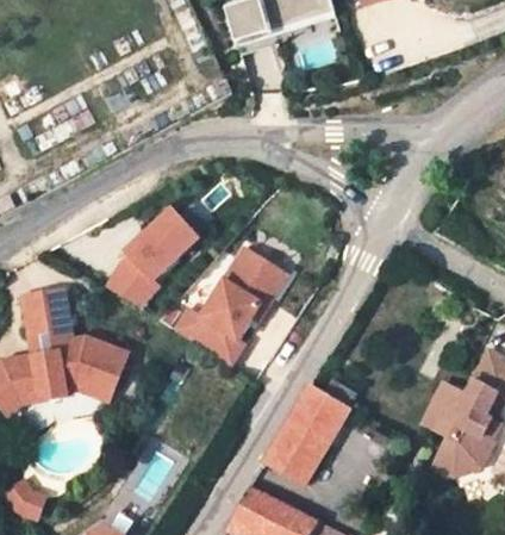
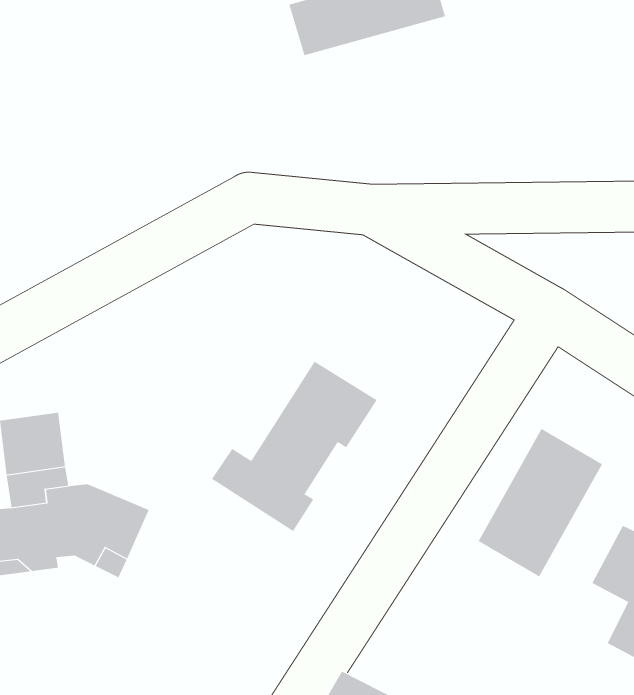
building: [94,216,187,312] -> none
building: [269,369,356,473] -> [478,428,603,577]

